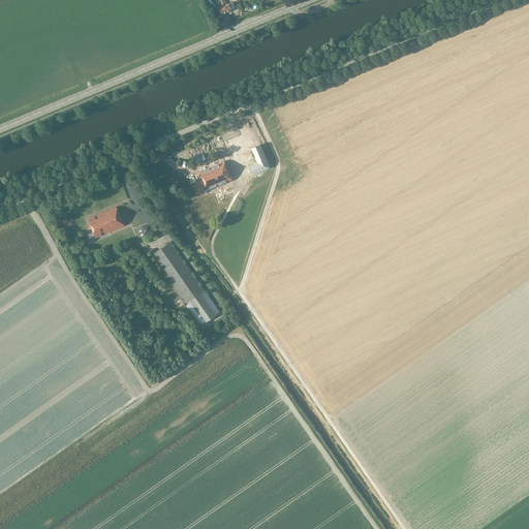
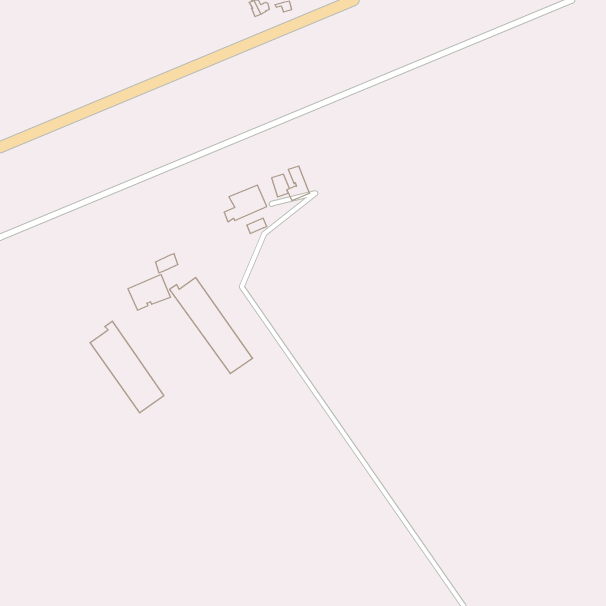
building: [87,207,124,238] -> [128,275,171,310]
building: none -> [90,321,164,413]

